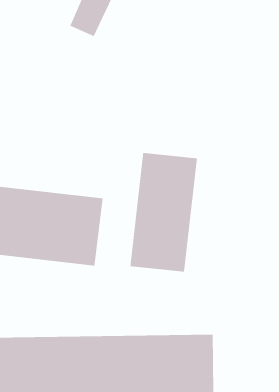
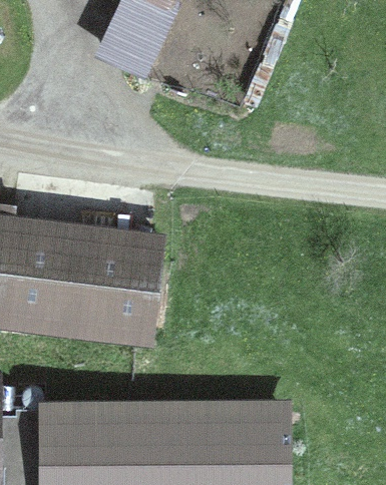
building: [130,152,198,272] -> none

